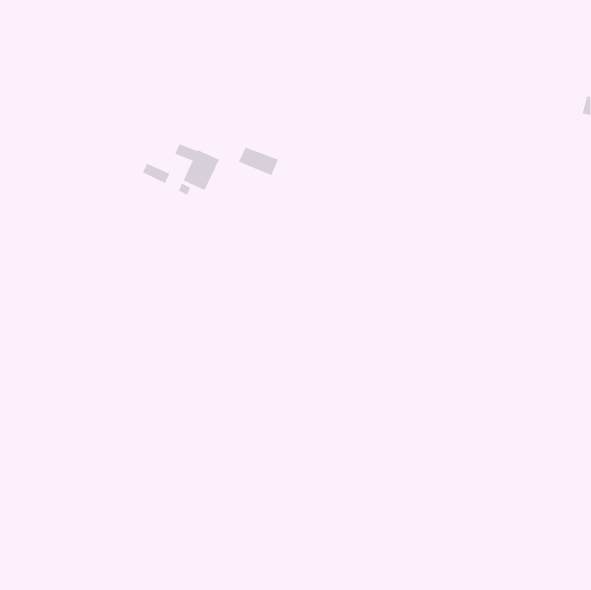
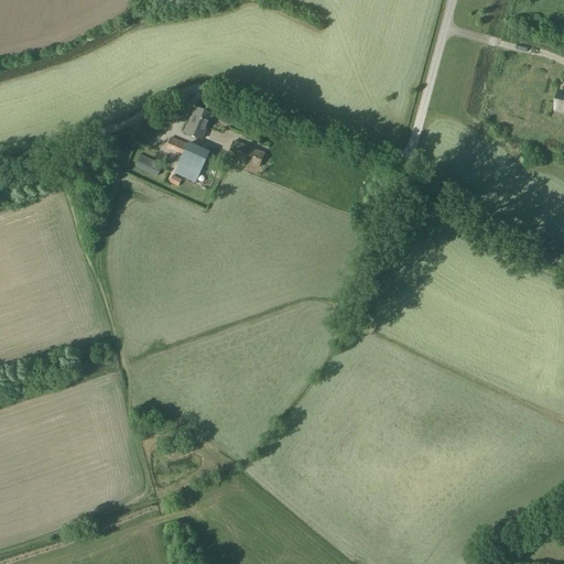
building: none -> [185,107,212,139]

